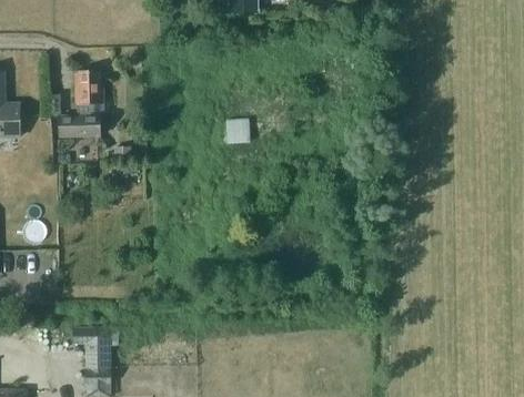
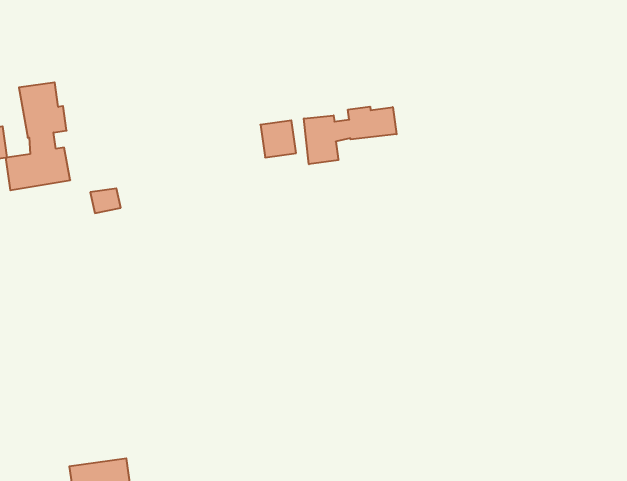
building: none -> [304,107,397,164]

